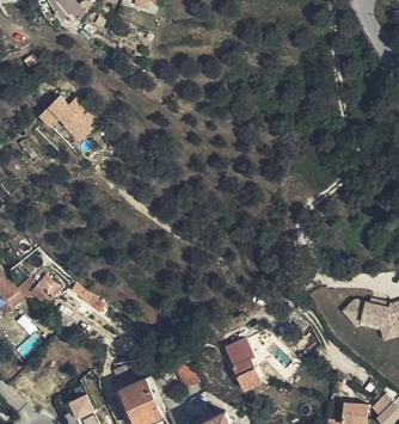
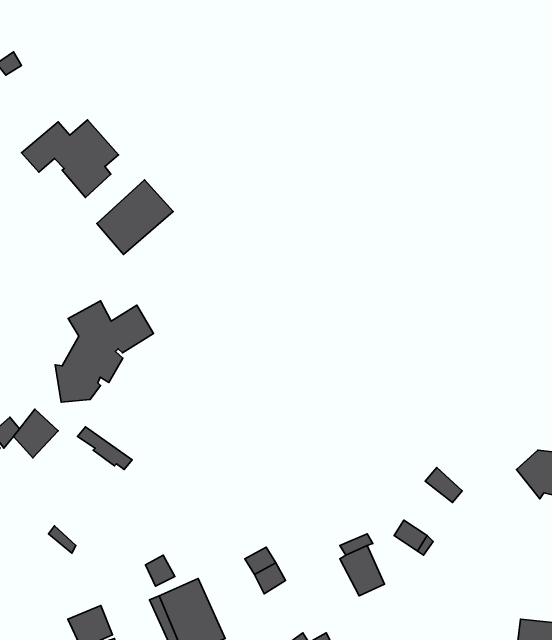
building: none -> [97,180,173,255]
building: none -> [55,301,153,402]

